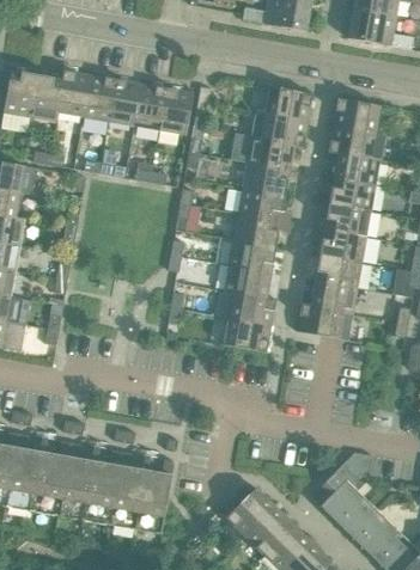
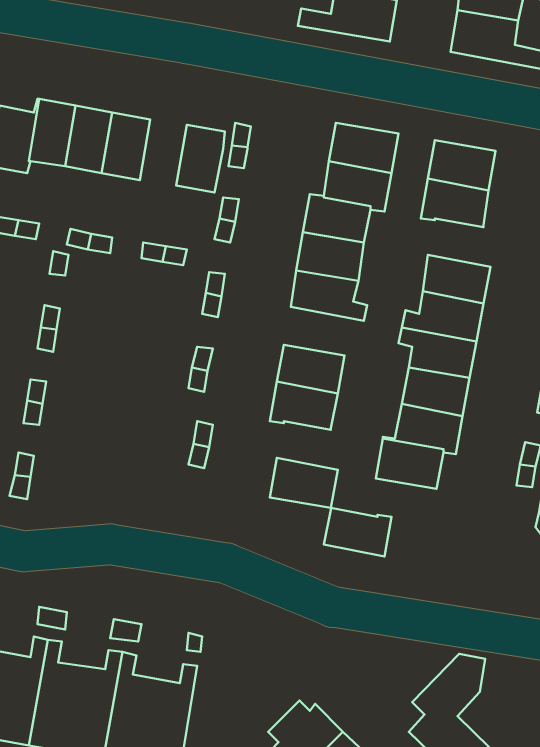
building: [134,82,166,128] -> none
building: [333,151,381,184] -> none
building: [233,212,288,245] -> none
building: [229,290,275,324] -> [324,508,391,557]

